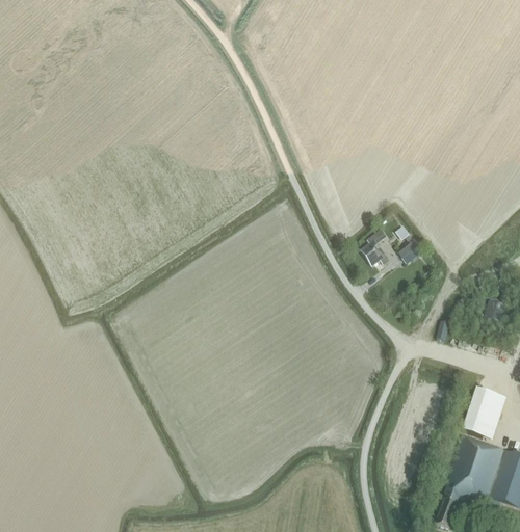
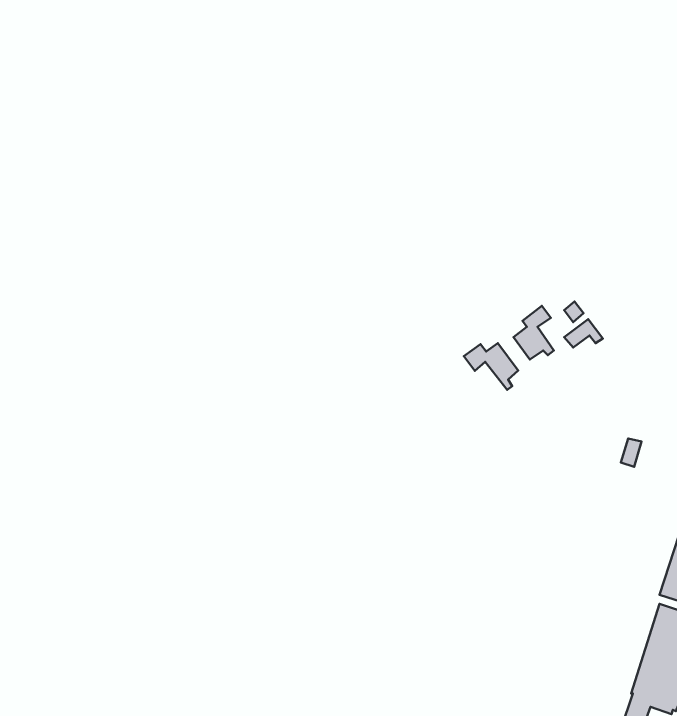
building: none -> [464,343,518,390]

